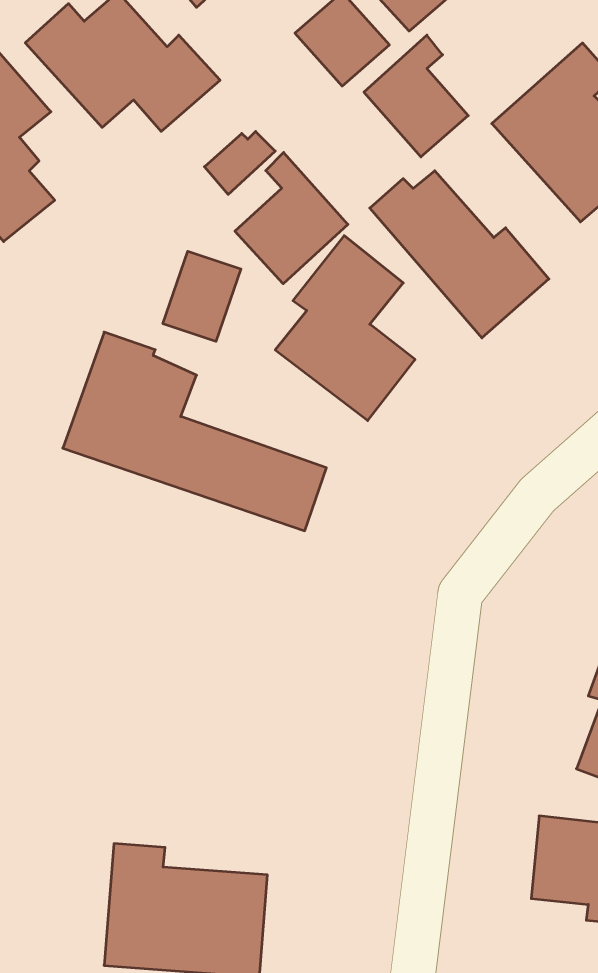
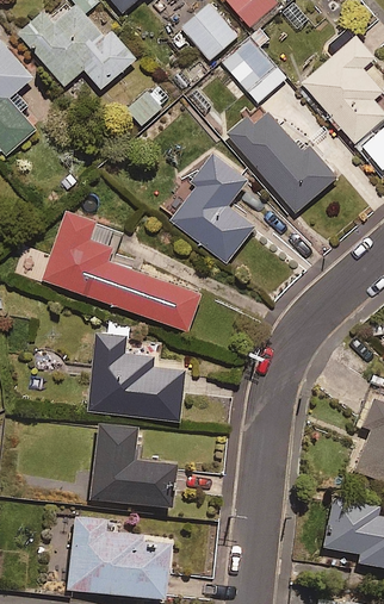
building: [235,152,348,284] -> none
building: [163,251,241,341] -> none
building: none -> [89,325,185,418]
building: none -> [89,425,172,508]

